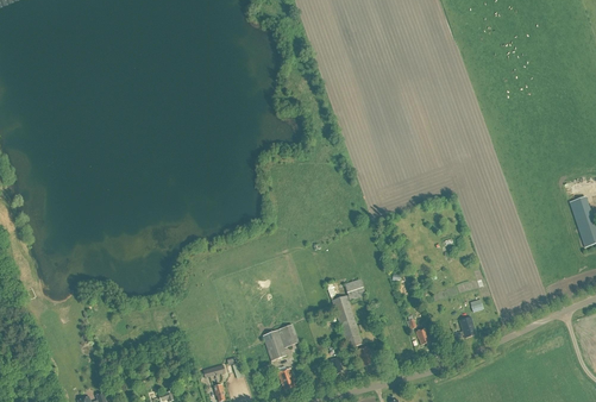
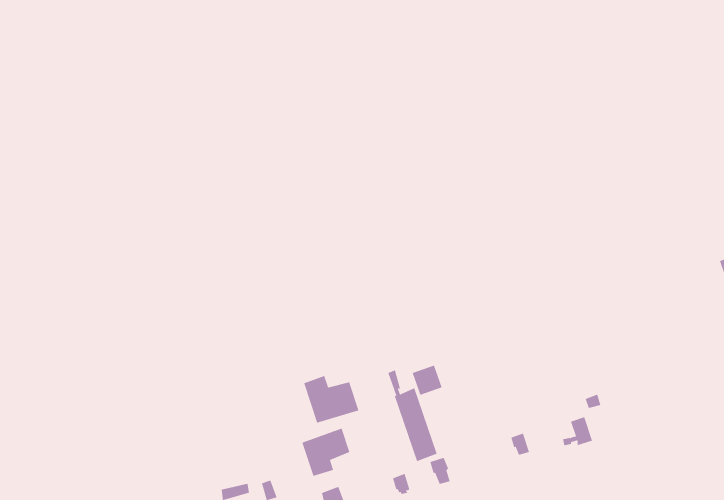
building: none -> [303,375,359,424]

